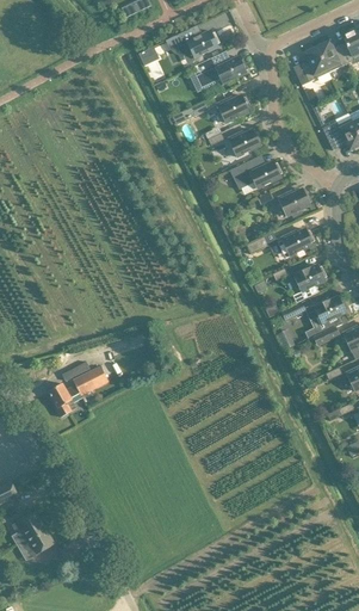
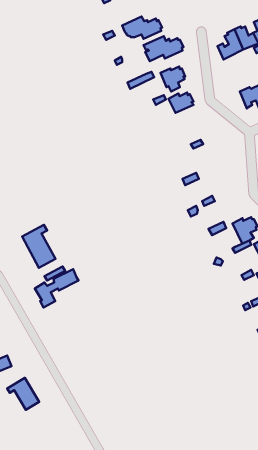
building: [231,161,283,189] -> none
building: [278,189,311,217] -> none
building: [277,228,315,258] -> none
building: [292,264,327,302] -> none
building: none -> [22,225,55,268]

